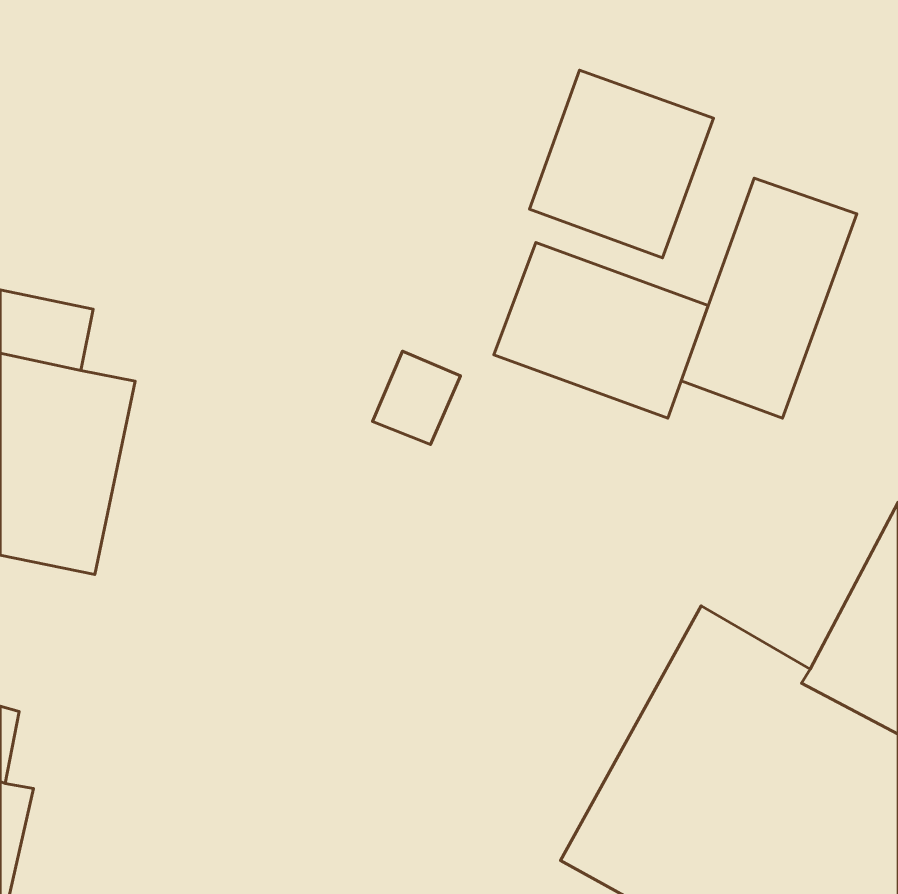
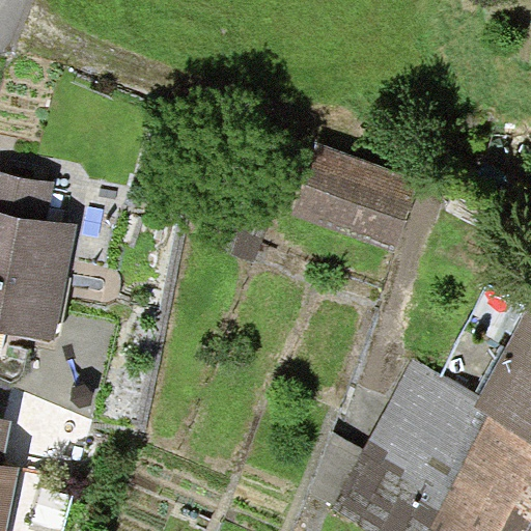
building: [530,70,713,258] -> none
building: [681,178,857,418] -> none

